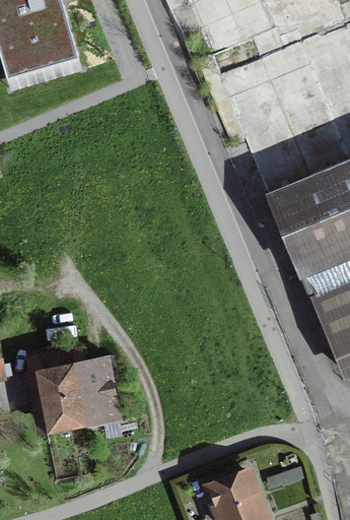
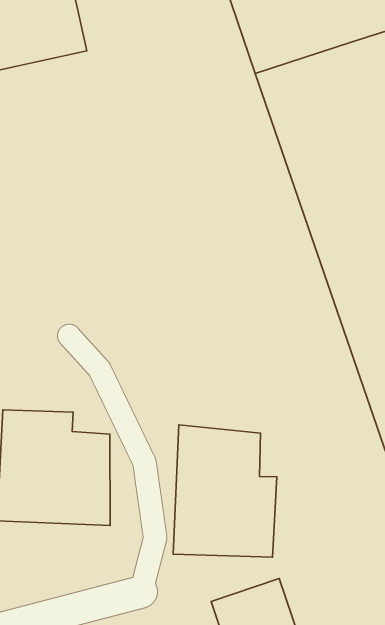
building: none -> [173,425,277,557]

